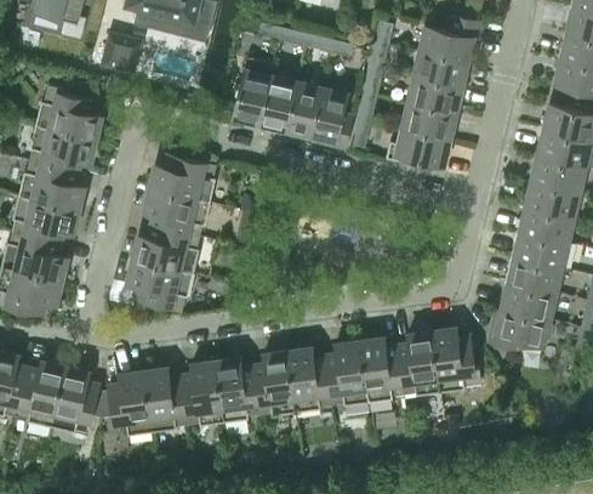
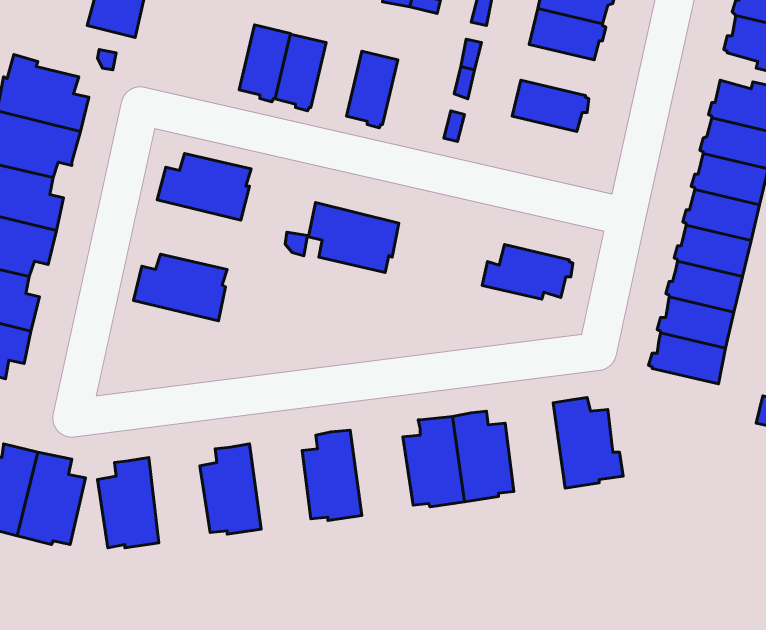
building: [260,74,296,129] -> [239,25,290,102]
building: [409,75,463,112] -> none
building: [310,86,353,144] -> none
building: [387,126,451,165] -> [482,245,573,299]
building: [146,186,210,235] -> [309,203,399,273]
building: [129,257,194,311] -> none
building: [490,306,549,348] -> none
building: [398,330,440,393] -> none
building: [287,346,332,410] -> none
building: [216,356,260,420] -> none
building: [144,367,188,430] -> none

